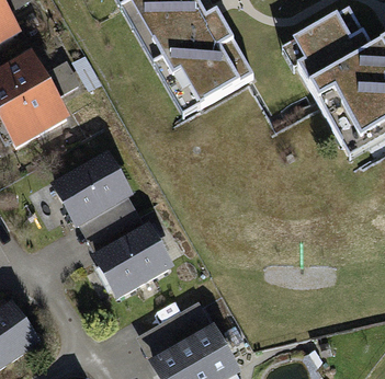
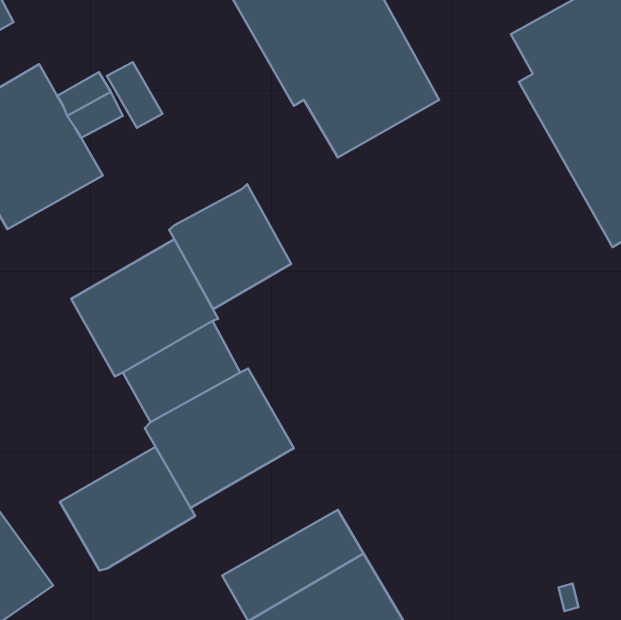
building: none -> [169,184,291,309]
building: none -> [60,447,195,571]

